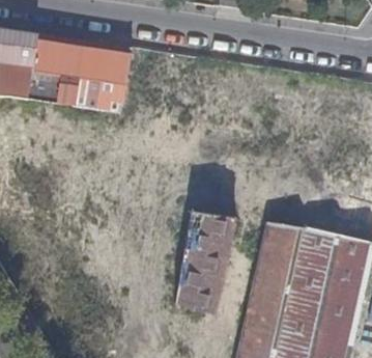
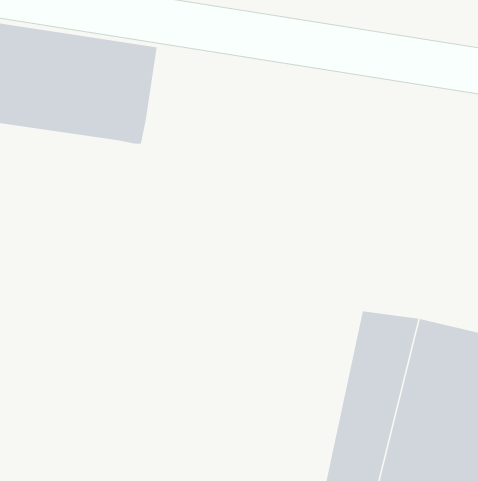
building: [173,211,235,312] -> none

